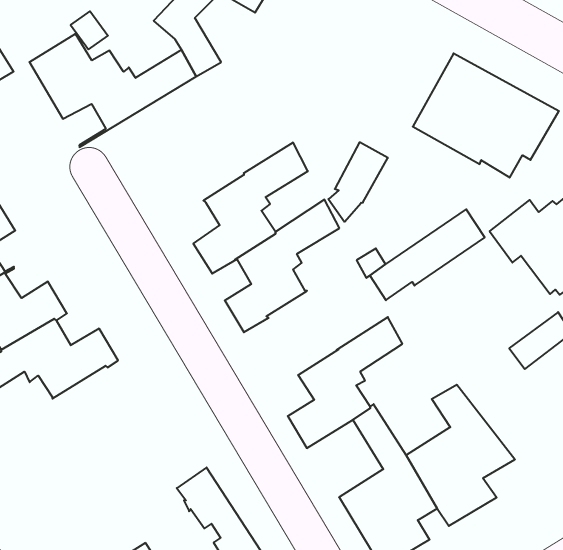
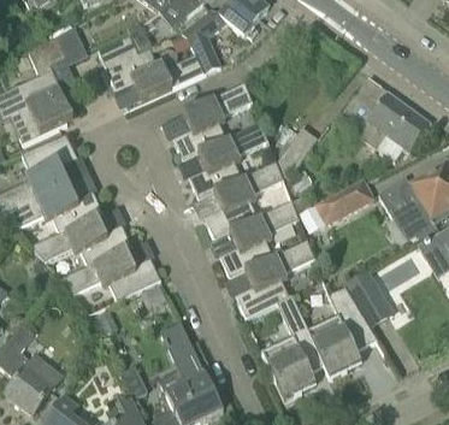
building: none -> [172,82,252,160]
building: none -> [219,201,295,278]
building: none -> [343,270,394,327]
building: none -> [59,249,160,300]

